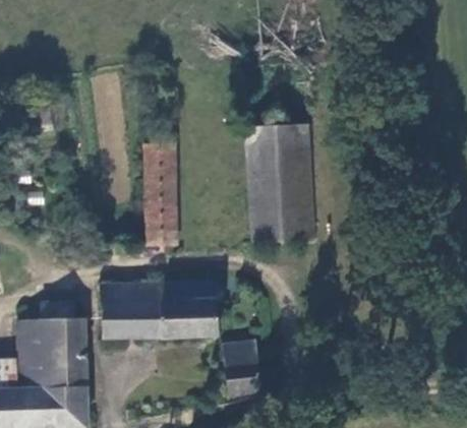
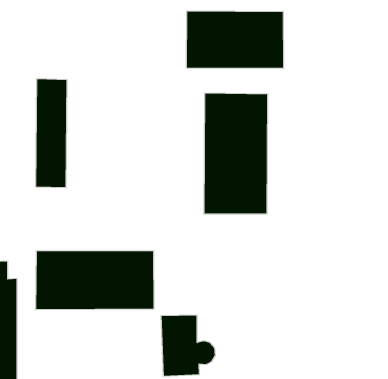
building: none -> [186,11,284,69]
building: [142,139,178,244] -> [36,79,67,188]

